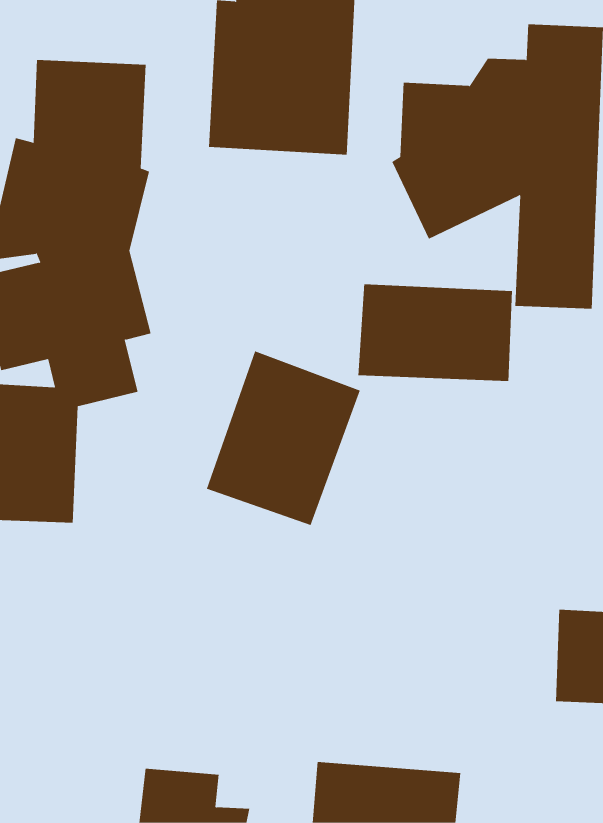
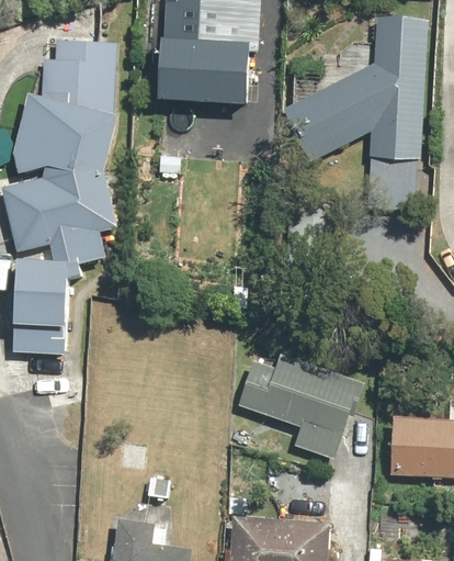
building: [358,283,513,382] -> none
building: [206,351,360,526] -> none
building: none -> [238,354,361,460]

